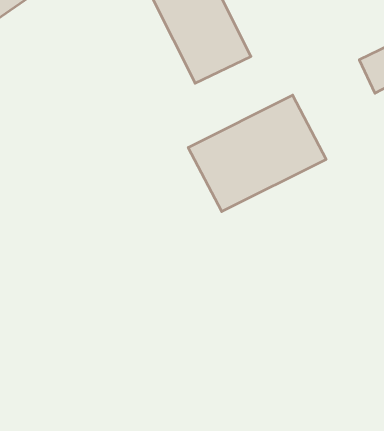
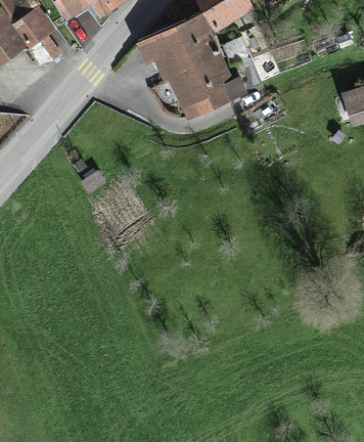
building: [188,95,326,212] -> none

